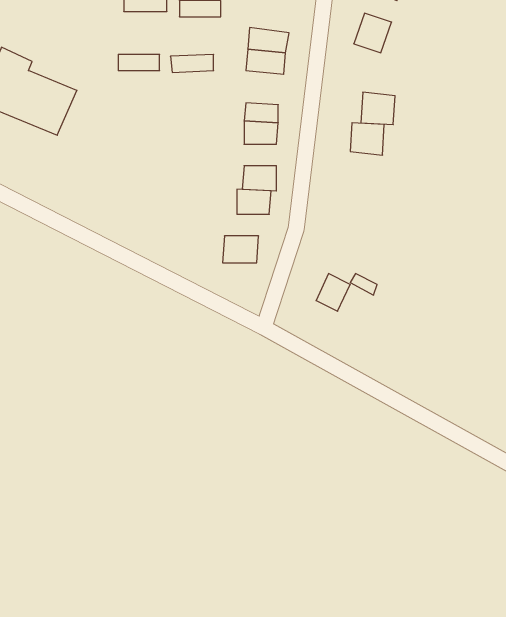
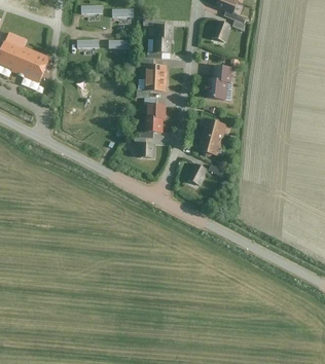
building: none -> [201,118,227,155]

